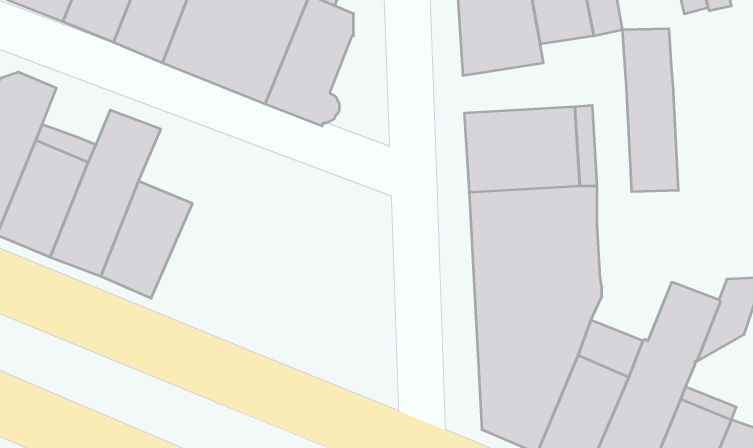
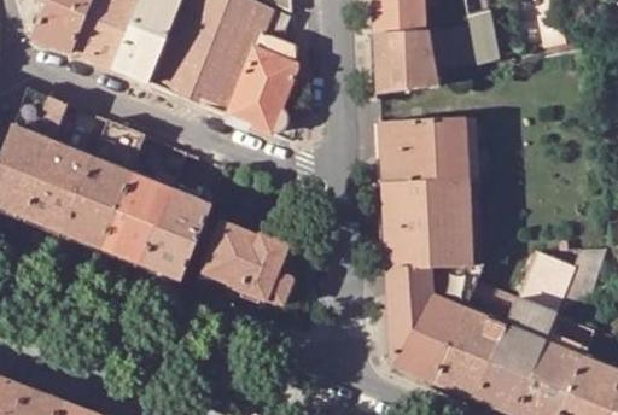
building: [622,29,678,192] -> none
building: none -> [140,193,210,281]
building: none -> [202,223,292,305]

